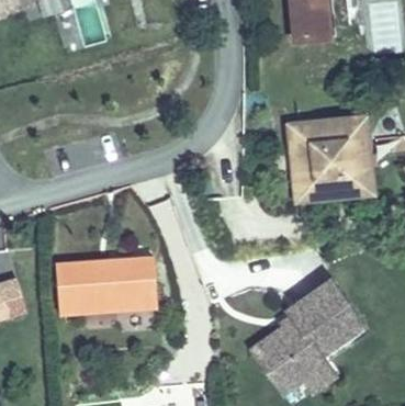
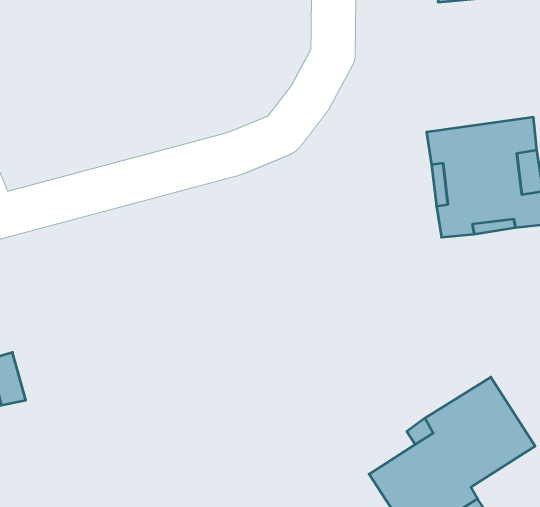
building: [52,259,151,313] -> none

